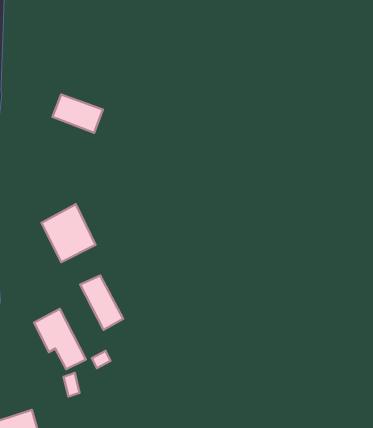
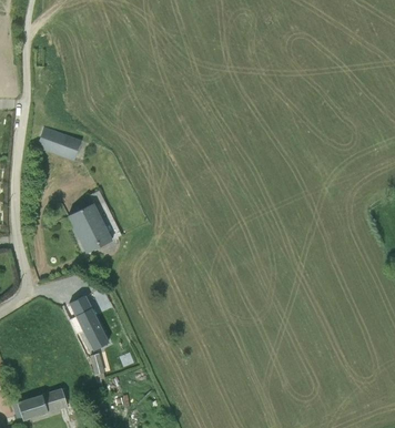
building: [52,95,103,133] -> [37,128,82,162]
building: [80,275,123,330] -> none

